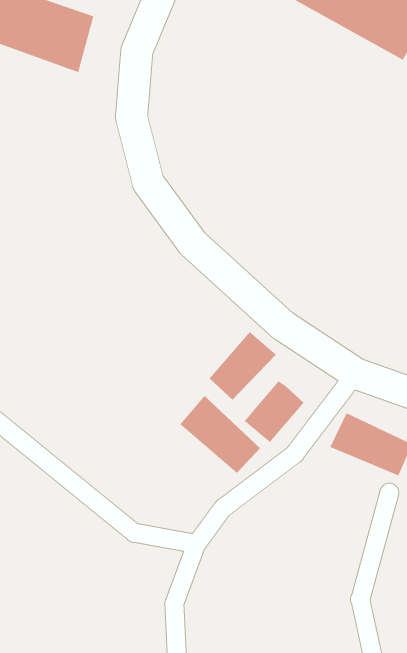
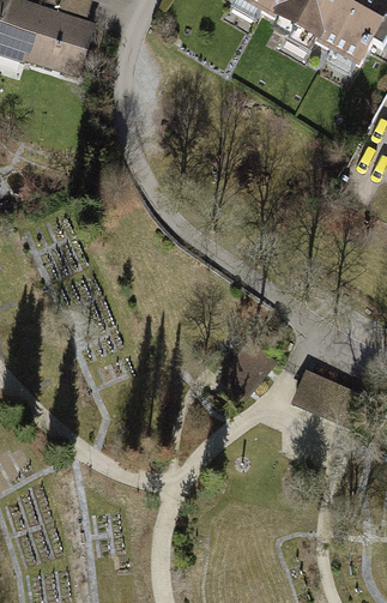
building: [209,331,277,400] -> none
building: [179,395,261,474] -> none

